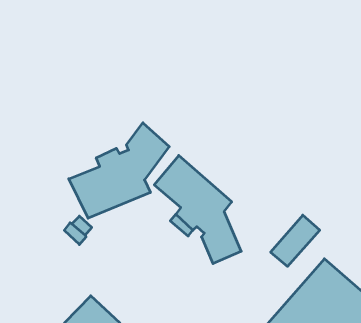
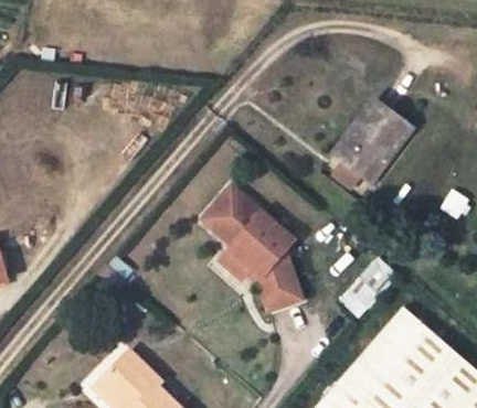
building: none -> [335,100,411,182]
building: [69,123,169,218] -> none

